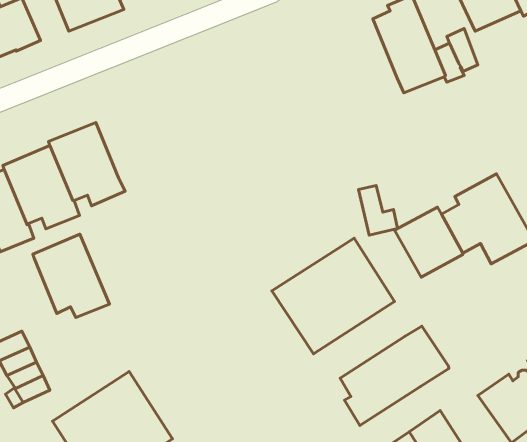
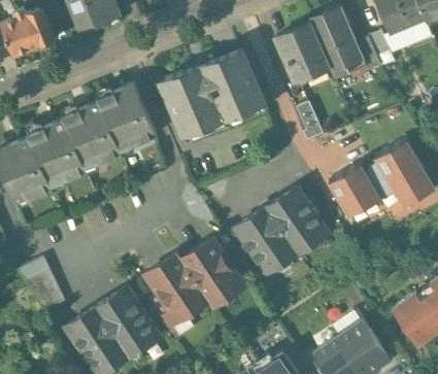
building: none -> [276,21,330,80]
building: none -> [161,48,263,135]
building: [359,185,398,235] -> [298,102,328,140]
building: [33,234,109,317] -> [98,81,157,145]
building: none -> [145,240,244,325]
building: [340,326,449,425] -> none

